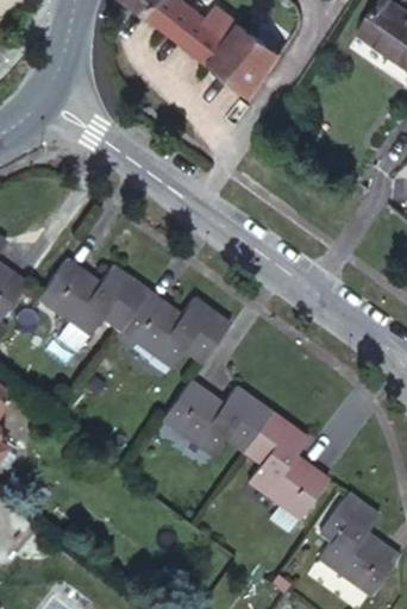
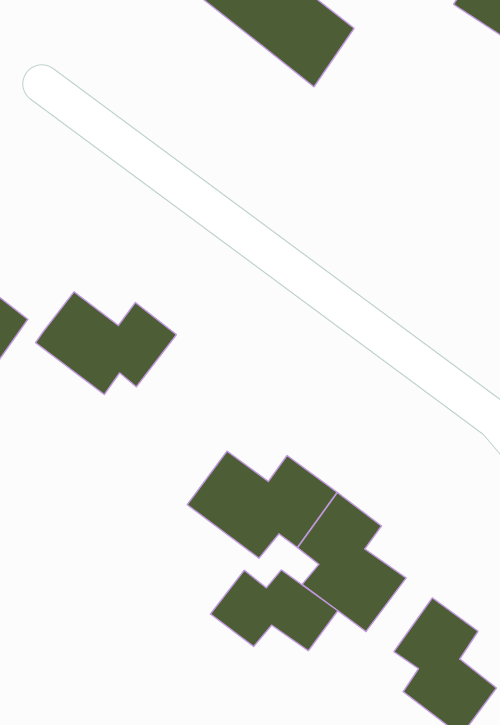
building: [114,290,225,372] -> none
building: none -> [210,570,338,651]

